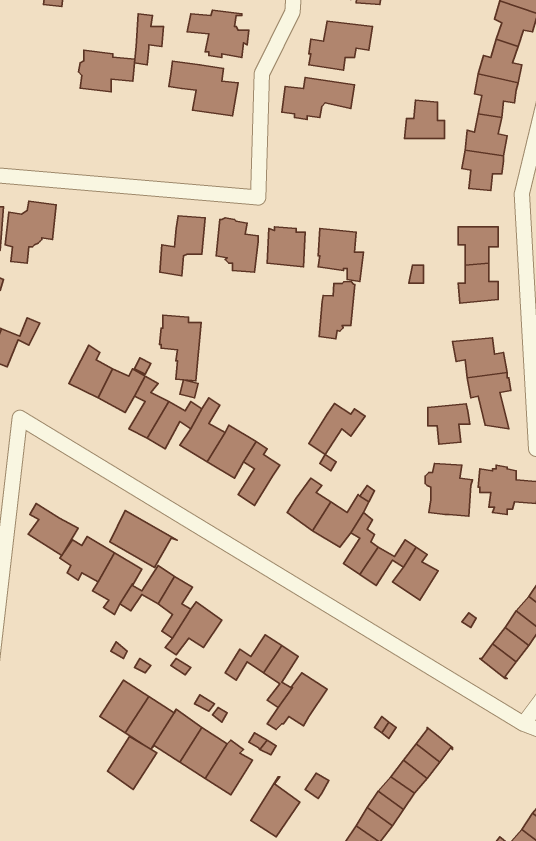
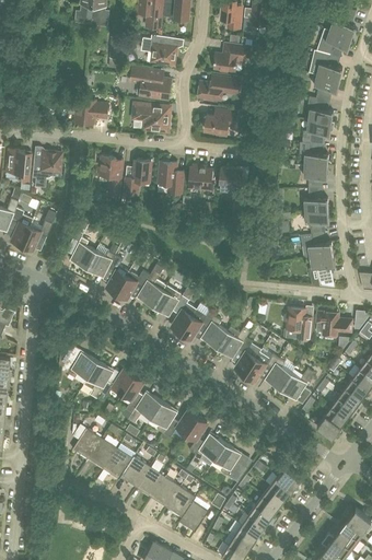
building: [78,50,135,92] -> [73,100,107,125]
building: [405,100,445,139] -> [303,143,327,166]
building: none -> [132,103,170,131]
building: none -> [202,109,236,137]
building: [319,282,355,339] -> none
building: [159,315,201,381] -> [97,156,123,196]
building: [309,403,365,454] -> [181,310,214,340]
building: [428,404,470,444] -> [304,210,329,234]
building: [28,504,78,556] -> none
building: [110,510,177,568] -> none
building: none -> [280,369,313,400]
building: none -> [150,402,177,434]
building: none -> [213,444,245,482]
building: [108,737,157,789] -> [72,429,102,460]
building: none -> [166,487,195,523]

